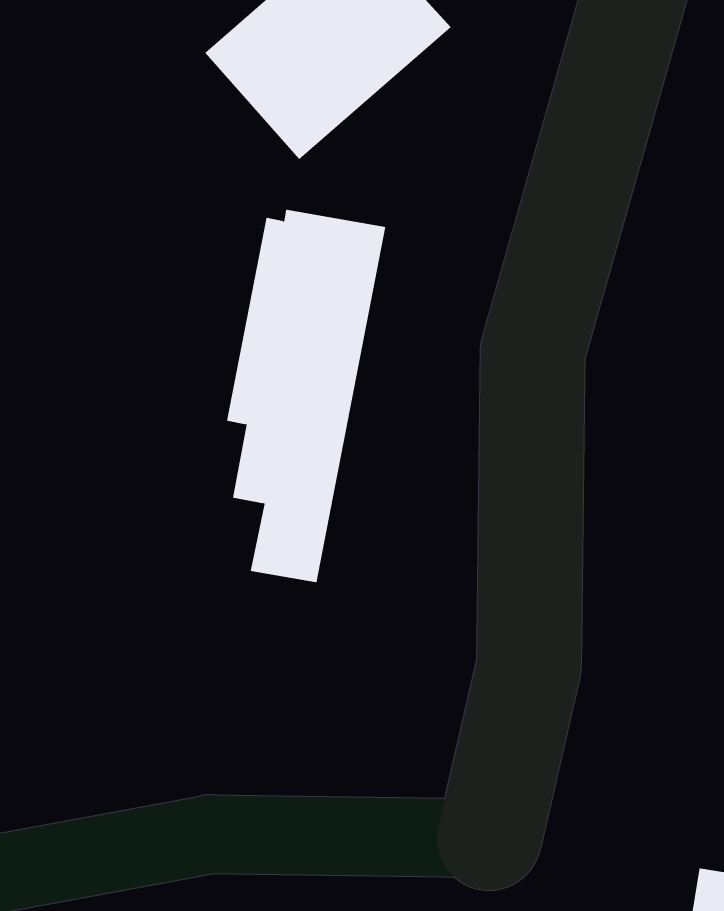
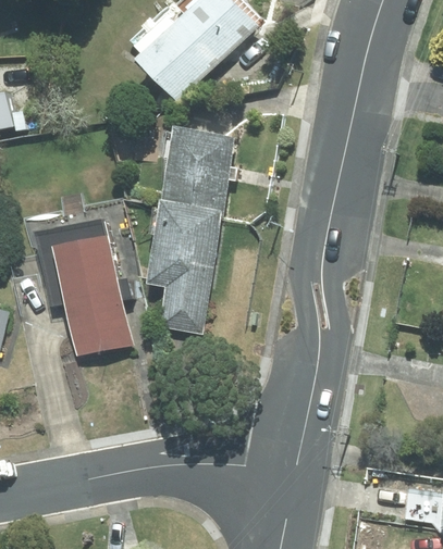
building: none -> [34,212,135,358]

